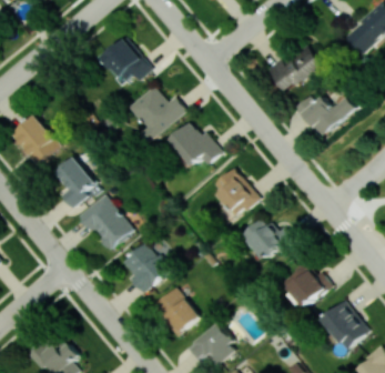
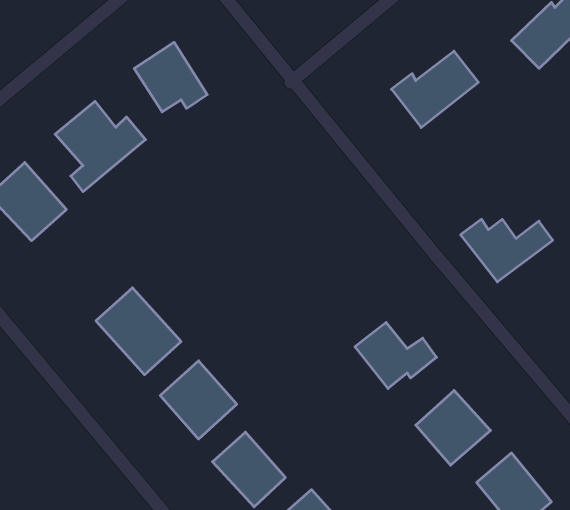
building: [128,87,185,144] -> [55,101,146,192]
building: [296,97,355,137] -> [461,219,553,282]
building: [169,121,220,165] -> none
building: [53,158,97,209] -> none
building: [212,169,257,216] -> none

